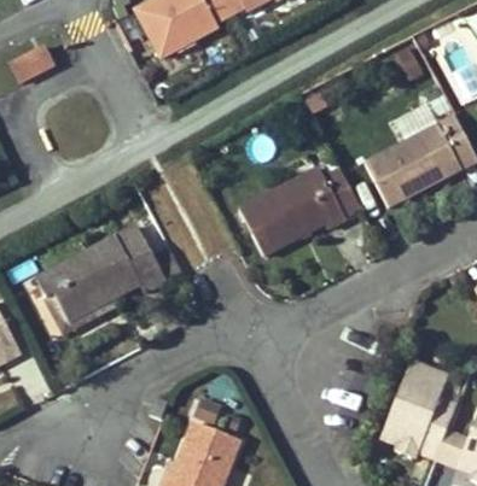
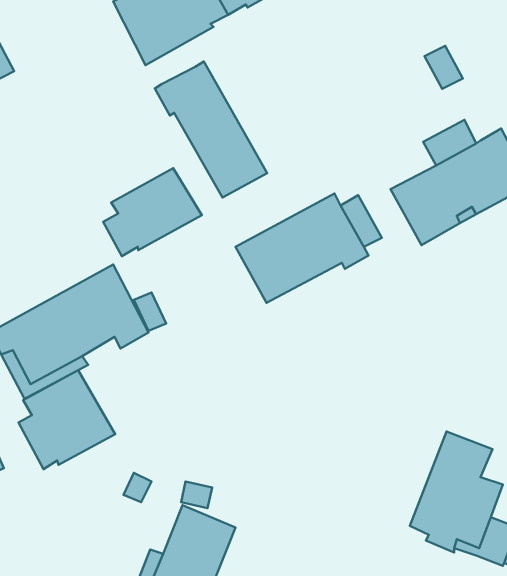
building: none -> [155,61,267,197]
building: none -> [103,168,202,256]
building: none -> [18,370,115,469]

